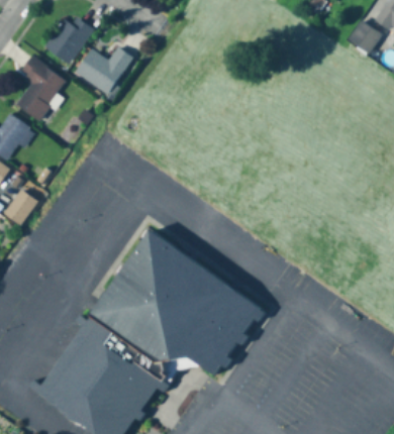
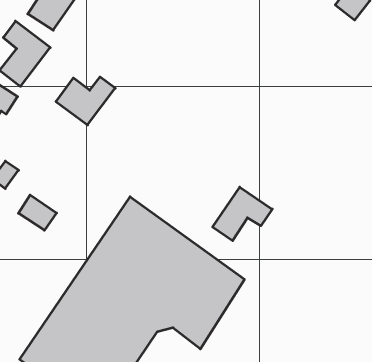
building: [75,47,133,95] -> [56,77,115,125]
building: none -> [213,187,272,241]
building: none -> [18,195,57,230]

